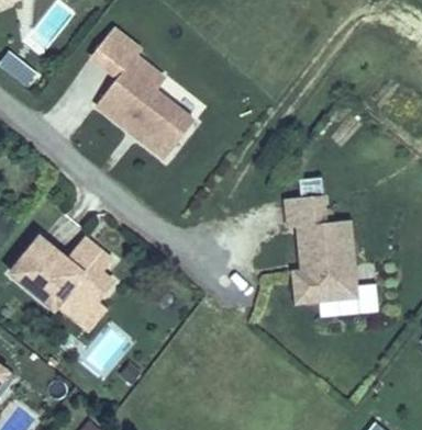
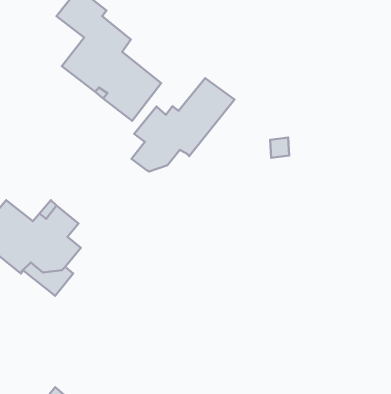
building: none -> [132,78,234,172]
building: [285,166,356,304] -> none

